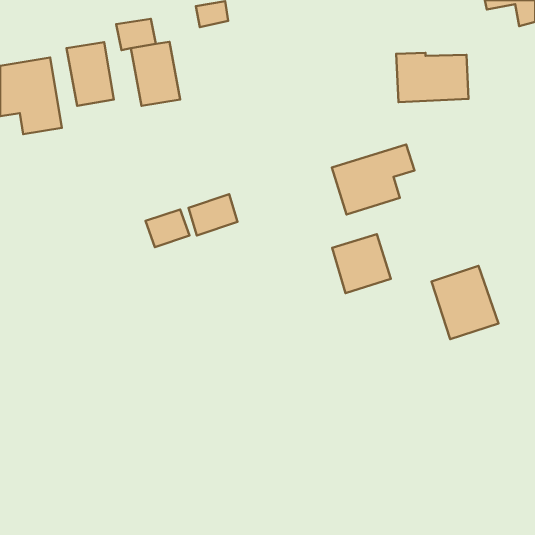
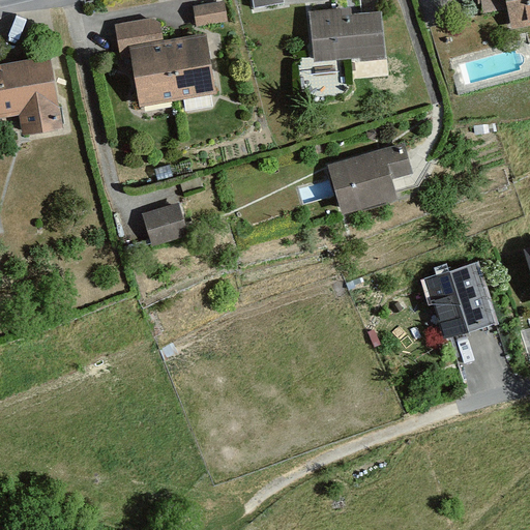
building: [67,42,114,106] -> [168,35,214,98]
building: [396,53,469,102] -> [311,11,382,60]
building: [189,194,238,235] -> none
building: [332,234,391,293] -> none

